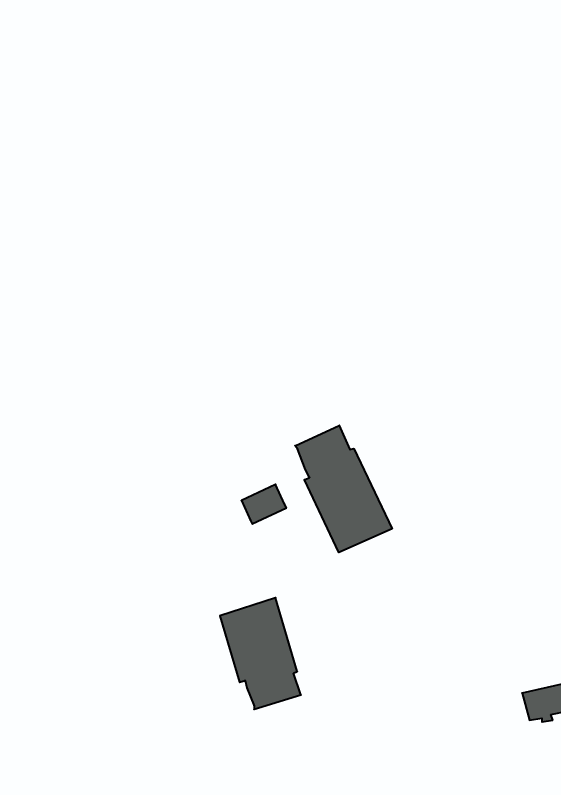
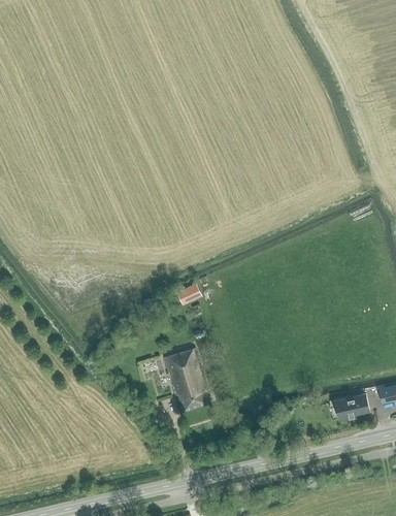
building: [295,425,392,552] -> none

